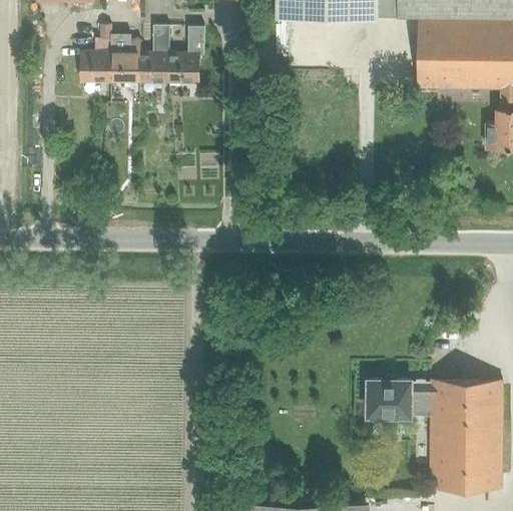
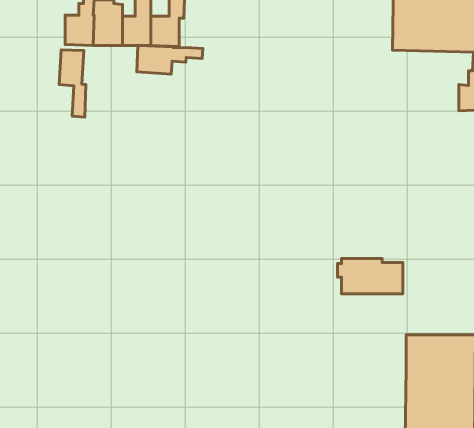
building: none -> [137,45,203,74]
building: none -> [59,50,86,117]
building: [365,381,432,417] -> [337,259,403,294]

